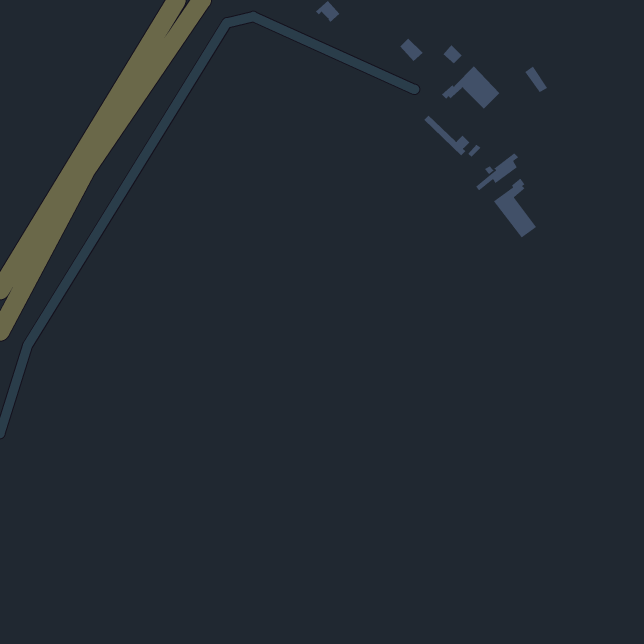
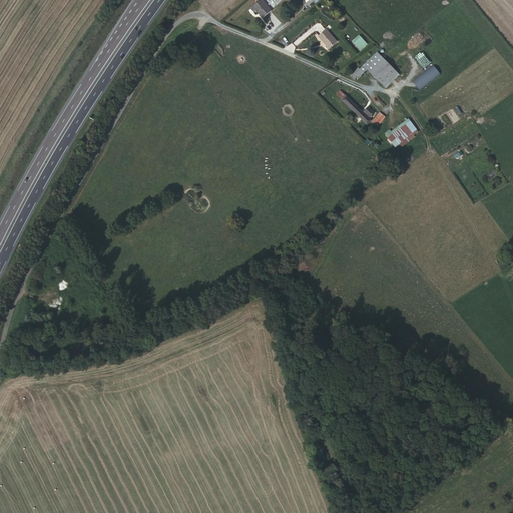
building: [493,177,537,238] -> none

